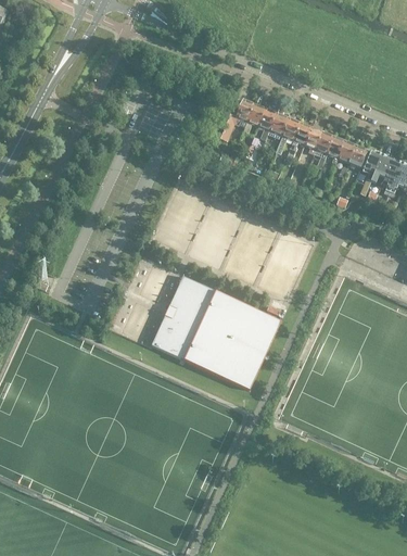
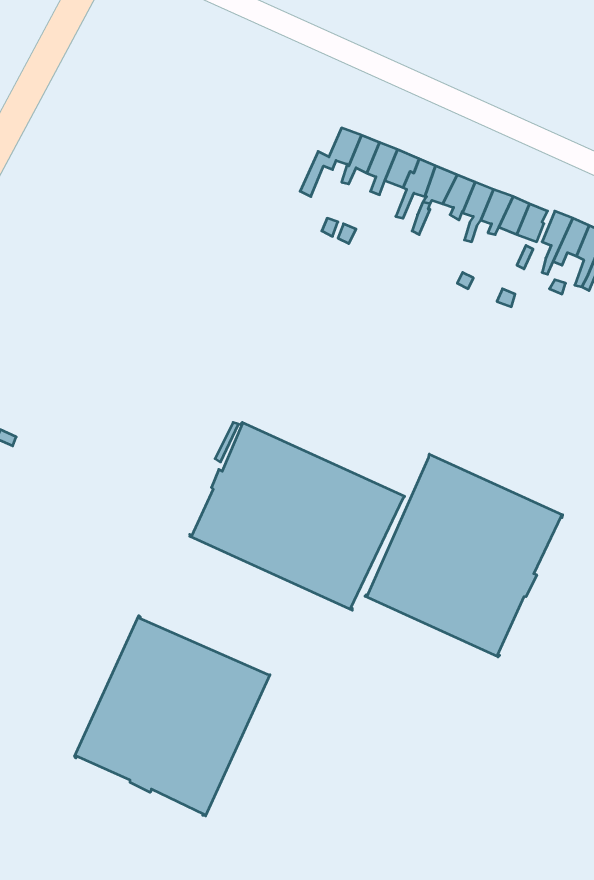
building: none -> [365,454,563,657]
building: none -> [75,616,270,816]

